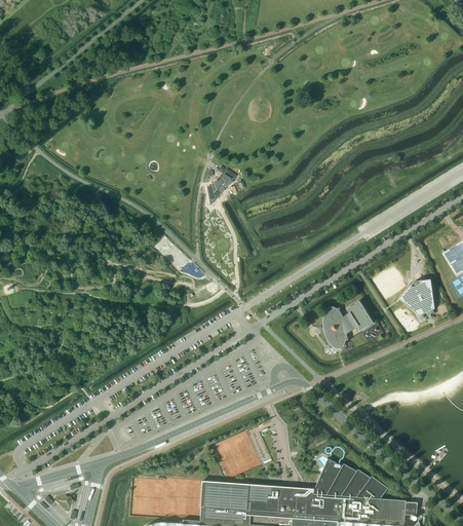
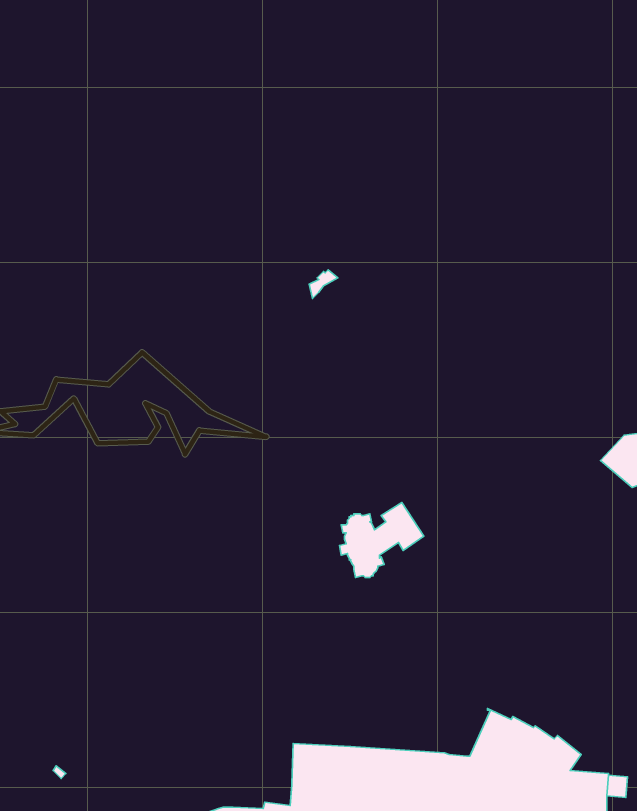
building: [321,300,376,348] -> [340,503,424,577]

